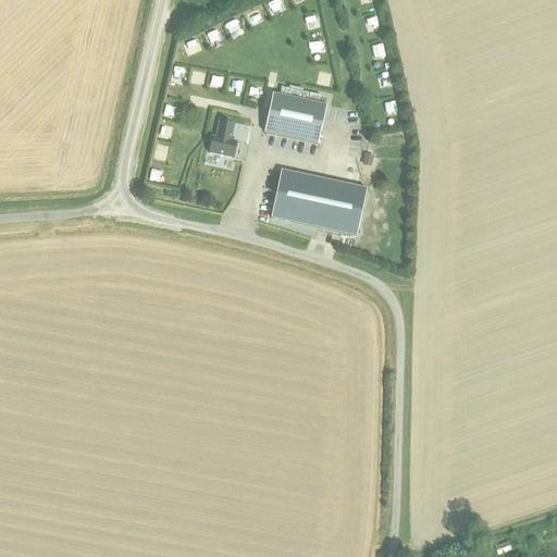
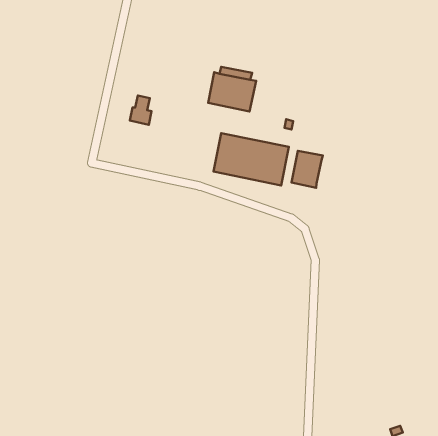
building: [209,120,236,157] -> [130,96,151,125]
building: none -> [292,151,323,188]

